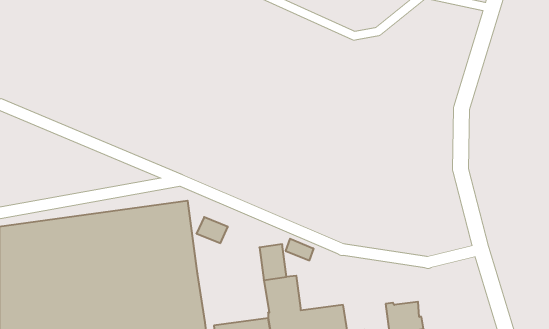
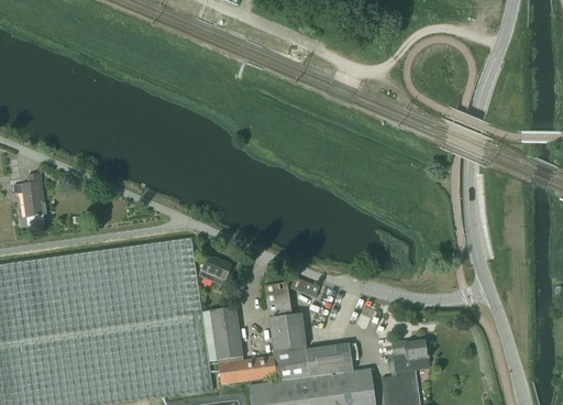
building: none -> [13,173,46,217]
building: none -> [201,306,243,360]

